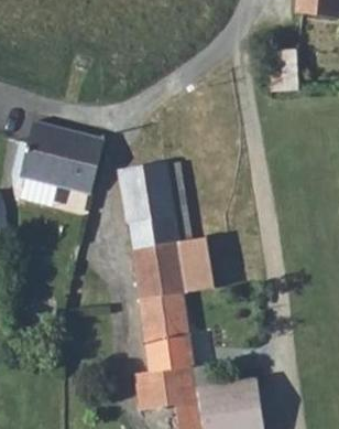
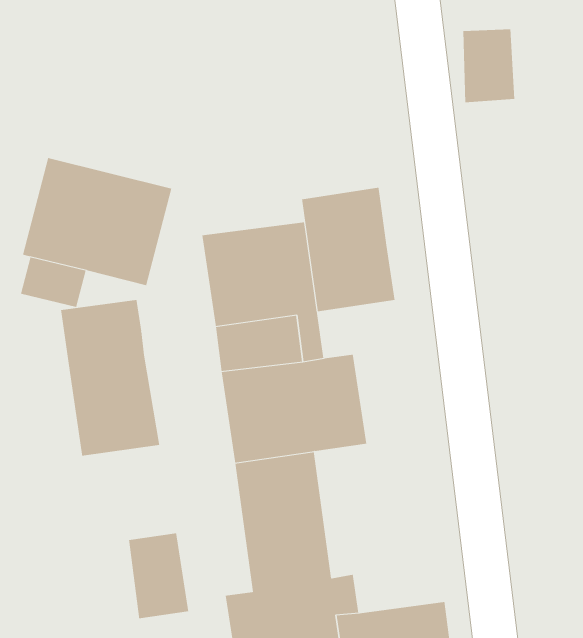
building: none -> [301,187,395,312]
building: none -> [60,299,160,457]
building: none -> [128,533,189,619]

